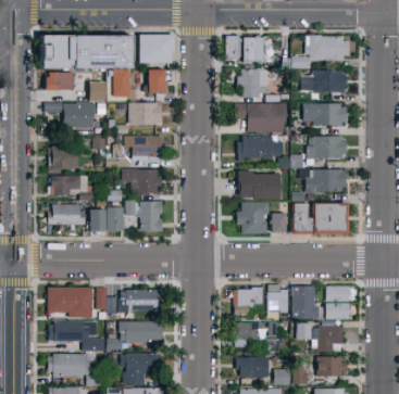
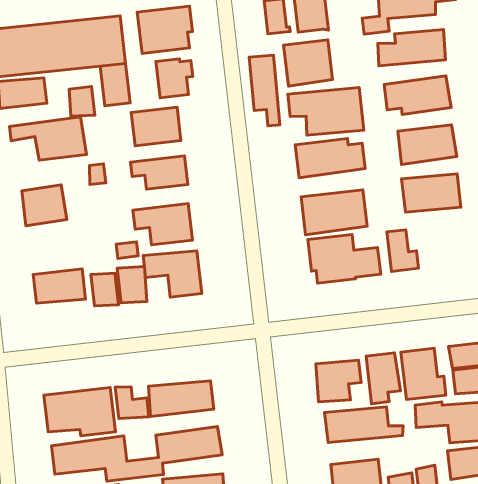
building: none -> [249,55,280,126]
building: [50,175,93,200] -> none
building: [311,203,346,230] -> none

